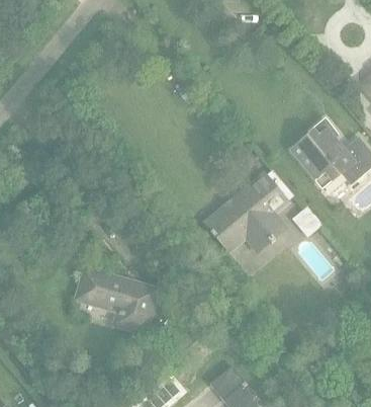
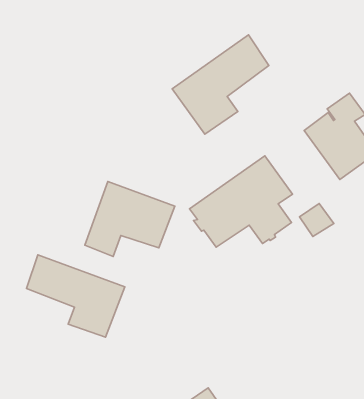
building: none -> [172,35,269,134]
building: none -> [85,182,175,257]

